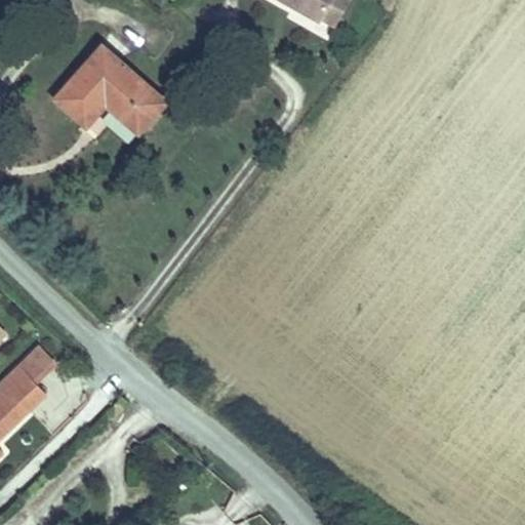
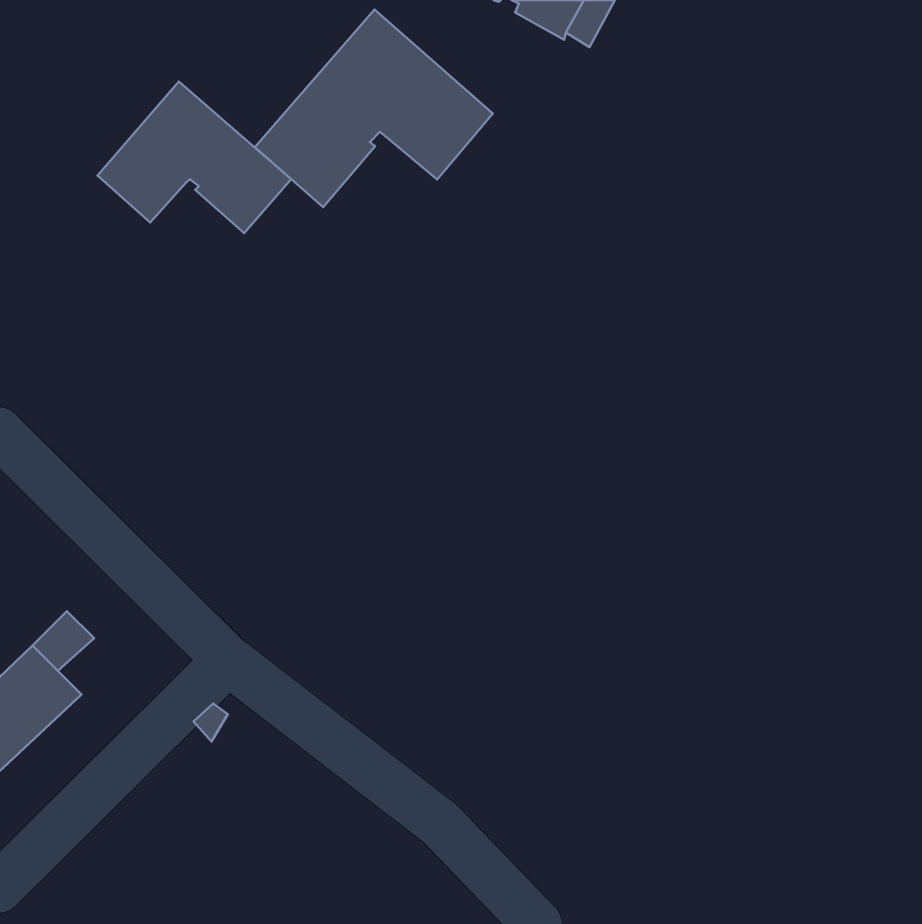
building: none -> [255,10,493,207]

